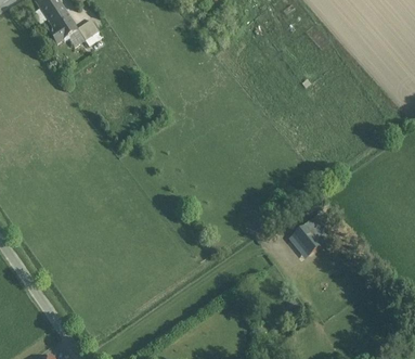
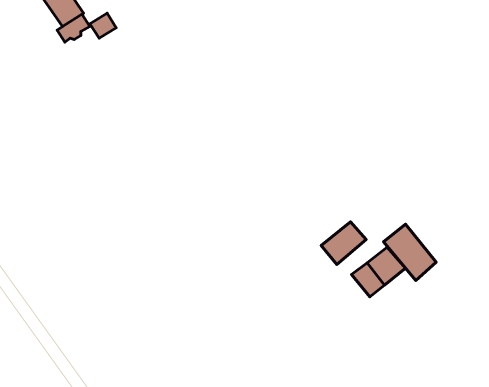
building: none -> [321,222,366,264]
building: none -> [384,224,436,280]

